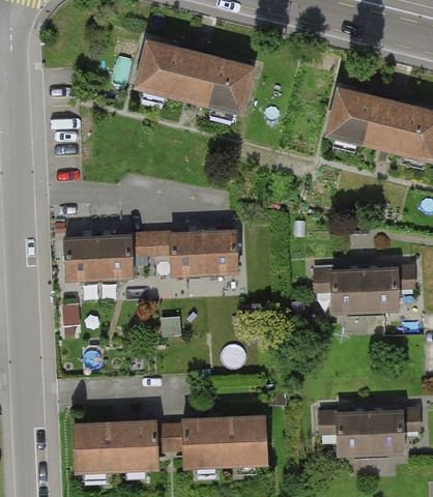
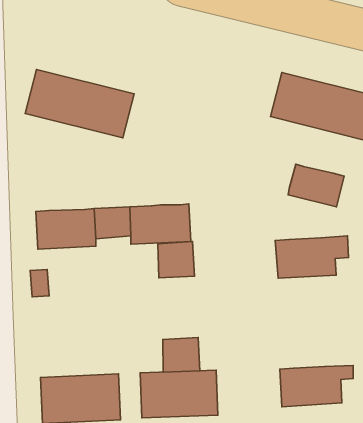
building: [135,39,255,115] -> [25,69,134,138]
building: none -> [288,164,344,207]
building: none -> [158,241,195,278]
building: none -> [163,337,200,372]

